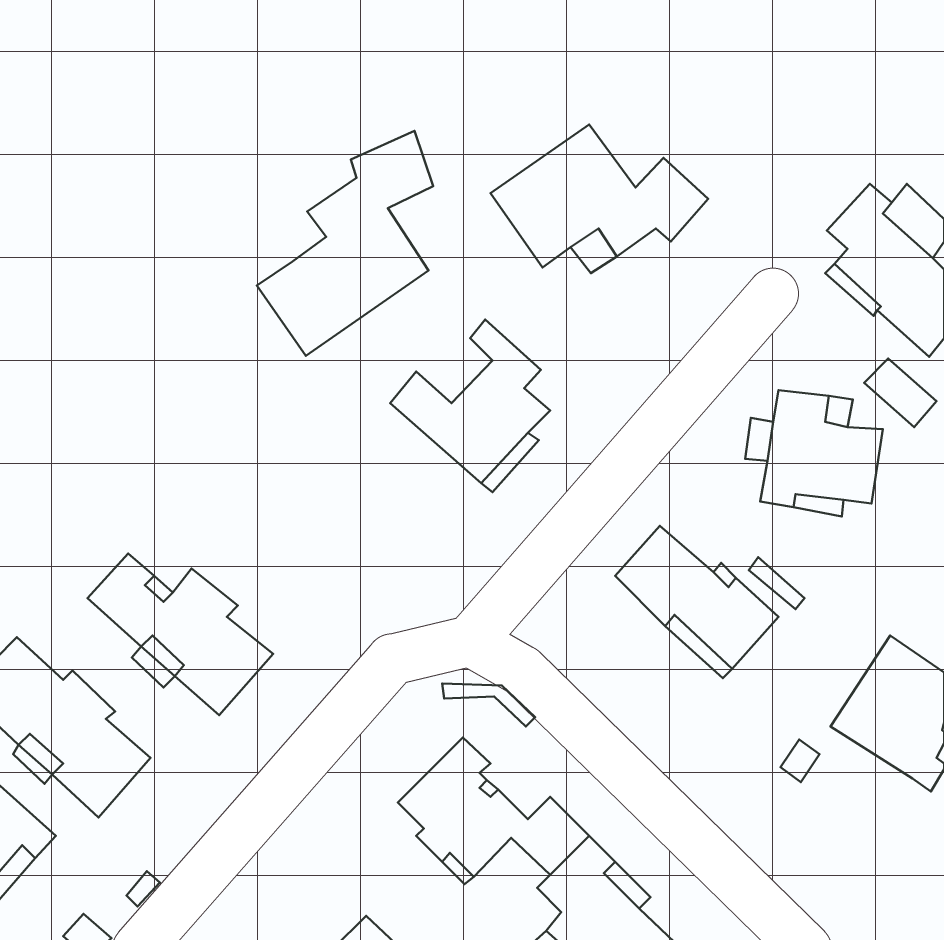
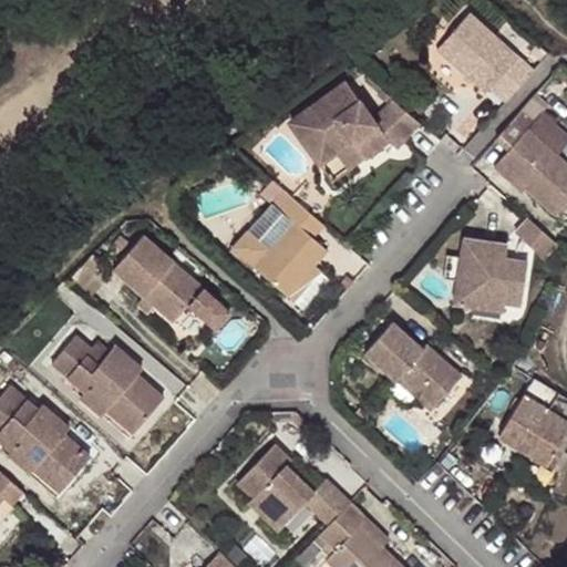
building: none -> [436,17,532,105]
building: [257,131,433,356] -> none
building: none -> [114,235,230,329]

